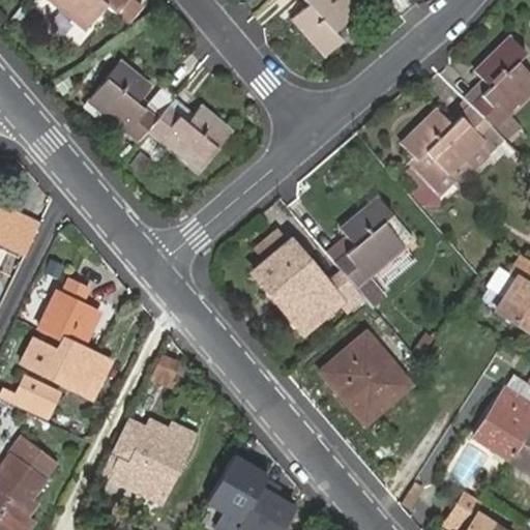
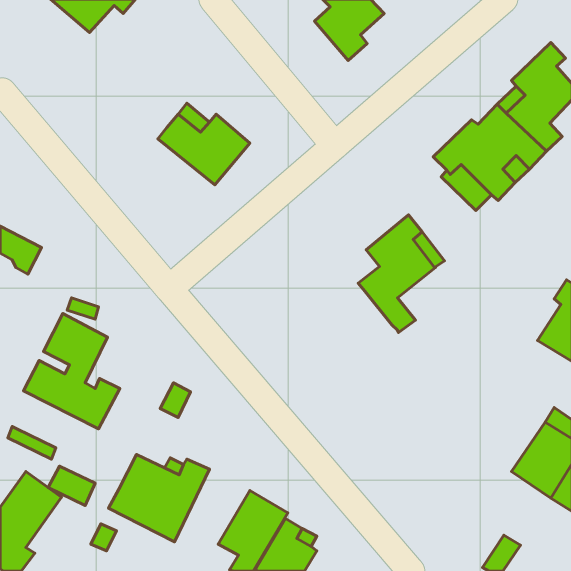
building: [87,61,155,141] -> none
building: [255,243,363,327] -> none
building: [321,334,410,424] -> none
building: [17,377,60,413] -> [48,466,95,505]

